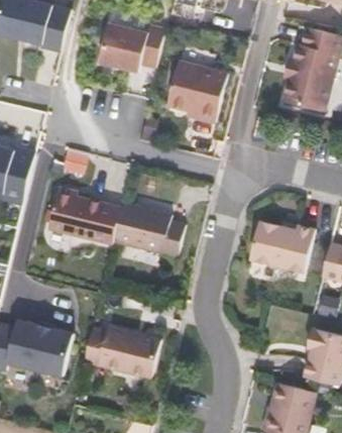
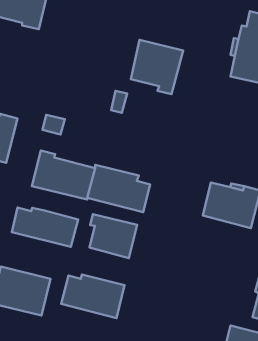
building: [99,21,168,71] -> none
building: none -> [12,208,78,247]
building: none -> [89,214,137,258]

